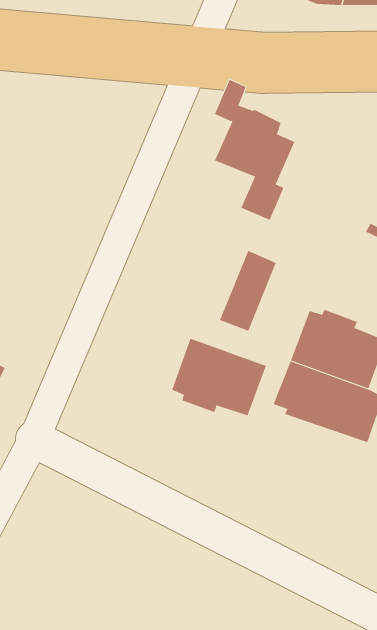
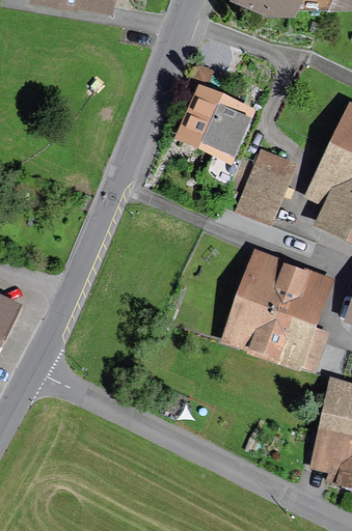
building: [219,250,276,331] -> [241,153,289,221]
building: [172,338,267,416] -> none

